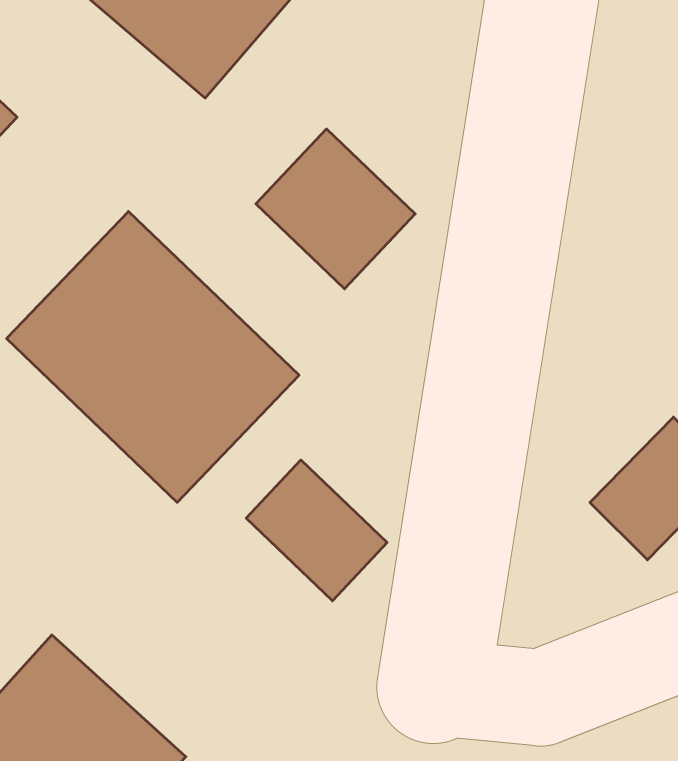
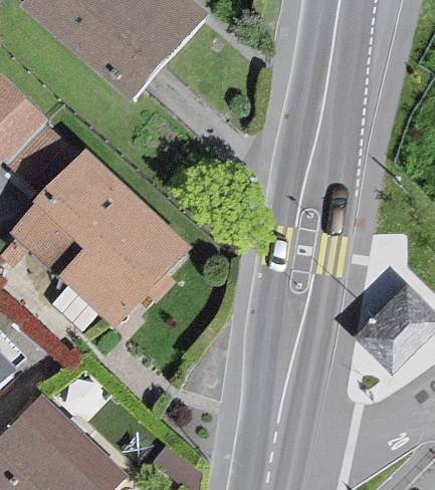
building: [256,129,415,289] -> none
building: [246,460,387,601] -> none

